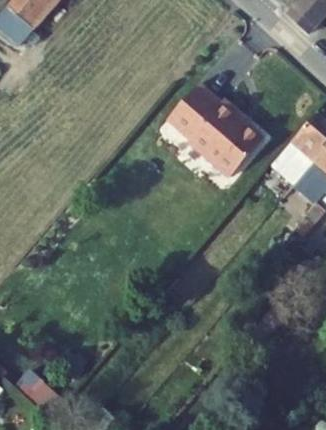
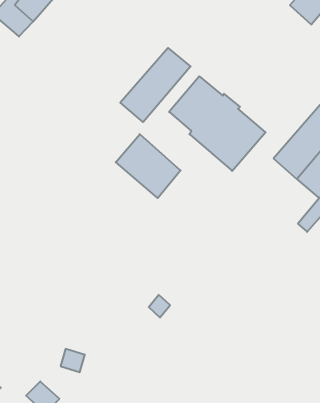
building: none -> [120,48,191,122]
building: none -> [116,134,181,198]

